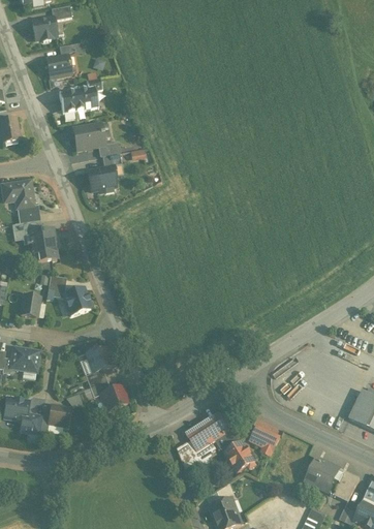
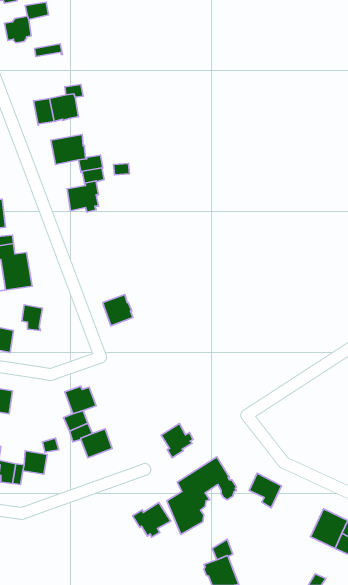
building: [45,54,71,77] -> none
building: [63,286,90,314] -> [103,294,133,326]
building: none -> [161,423,193,458]
building: [224,442,255,470] -> none
building: none -> [132,503,171,537]

